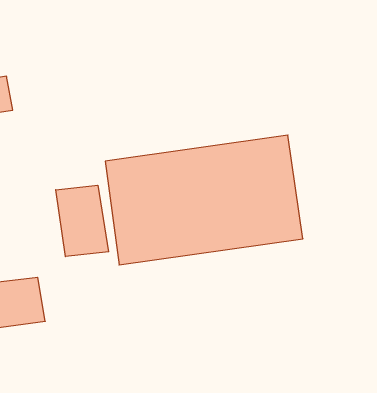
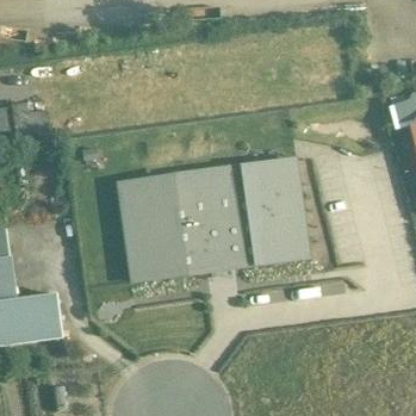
building: [56,185,109,257] -> none

